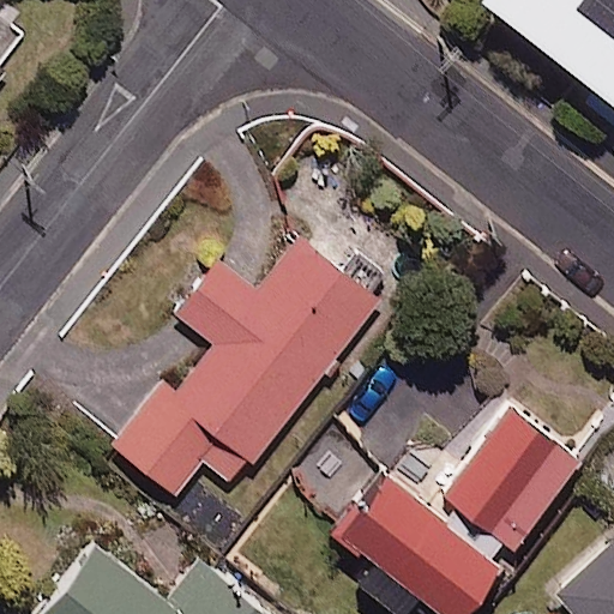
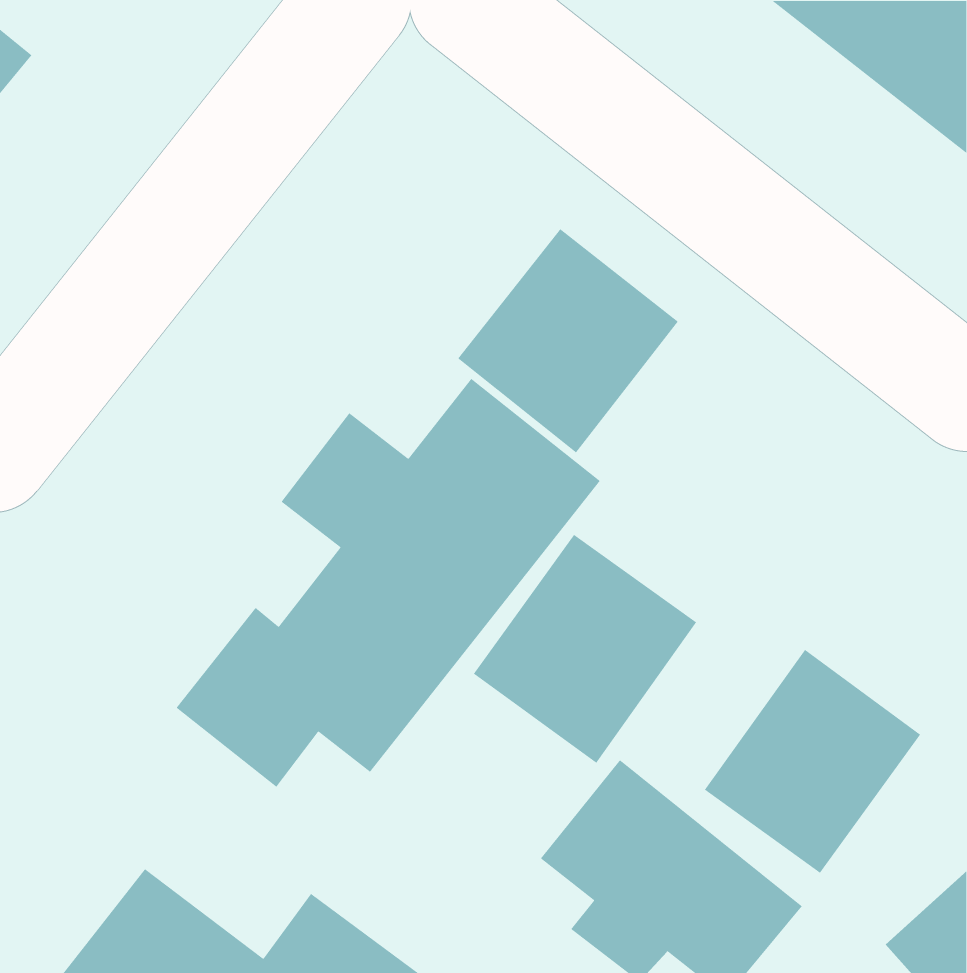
building: none -> [457,228,679,454]
building: none -> [473,534,697,764]

